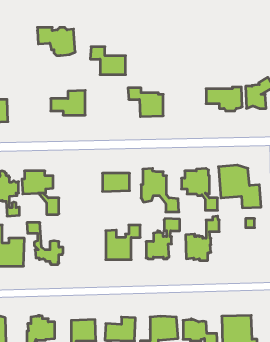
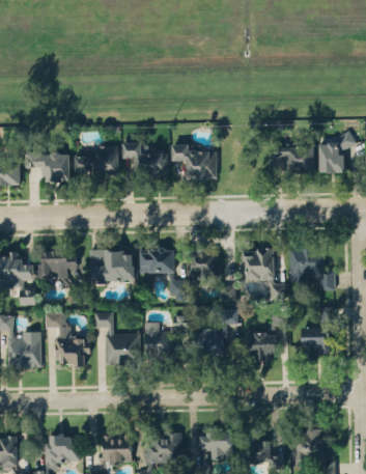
building: [37,27,75,55] -> [25,148,73,184]
building: [90,47,126,75] -> [122,144,167,179]
building: none -> [89,244,136,283]
building: none -> [94,314,139,367]
building: none -> [303,326,331,360]

